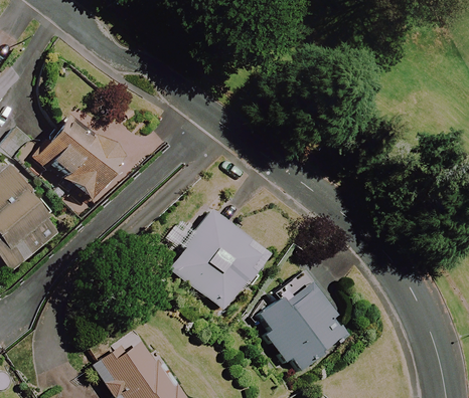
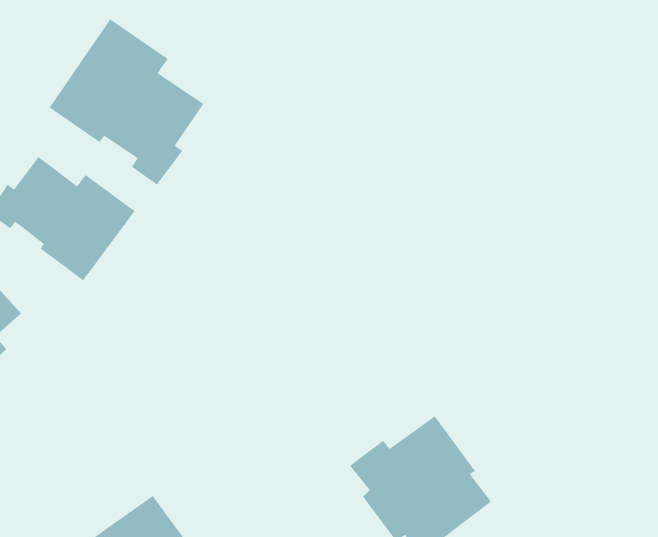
building: none -> [49,19,204,185]
building: [168,210,268,310] -> none

